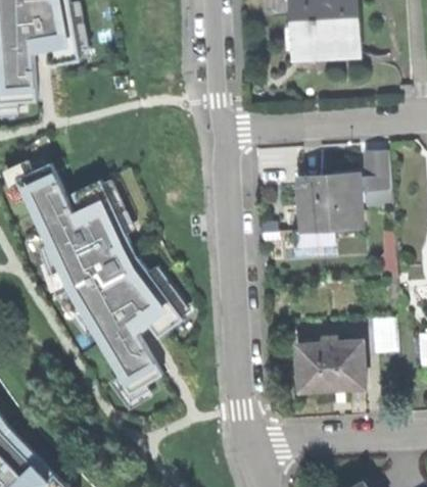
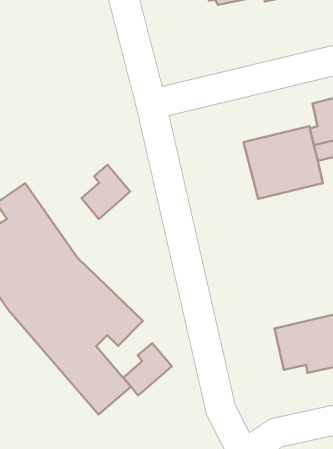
building: none -> [82,165,130,219]
building: none -> [123,343,172,396]

